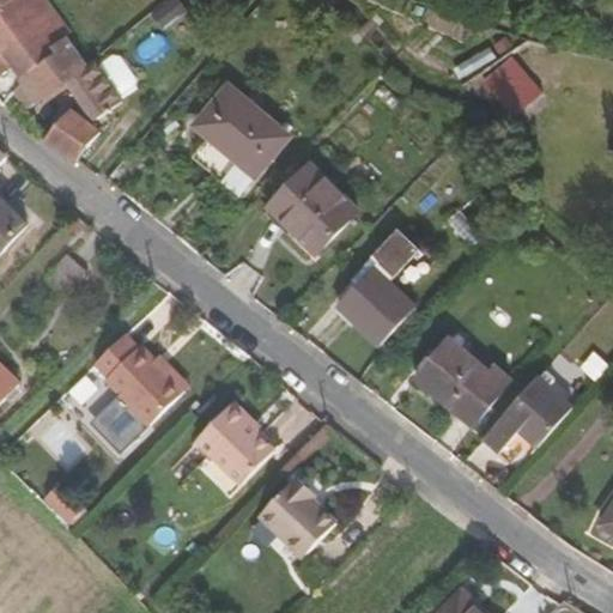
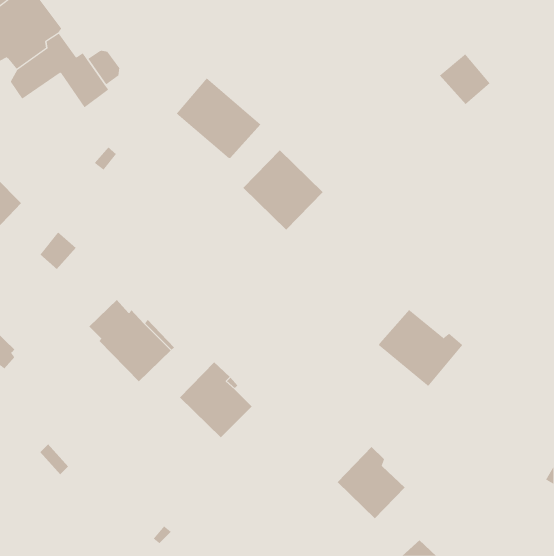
building: [41,109,97,160] -> none
building: [335,235,412,342] -> none
building: [481,375,571,460] -> none
building: [87,394,146,451] -> none
building: [259,477,334,557] -> [337,446,406,519]

